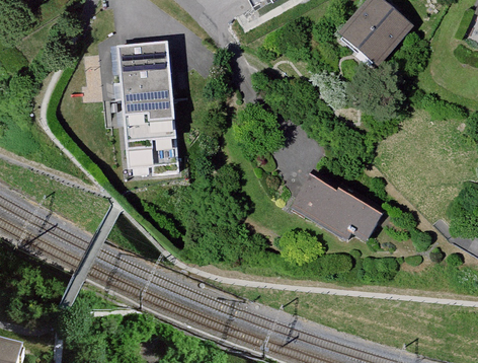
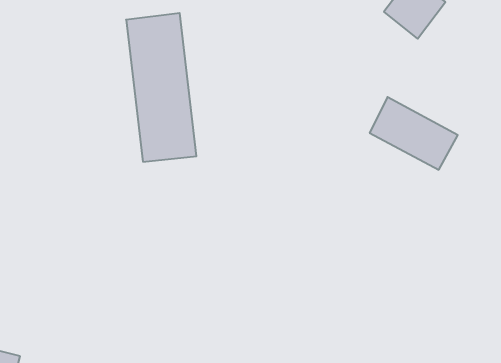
building: [297,171,377,237] -> [370,97,458,170]

